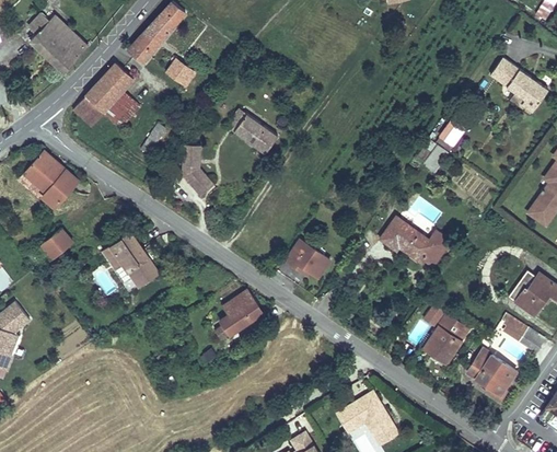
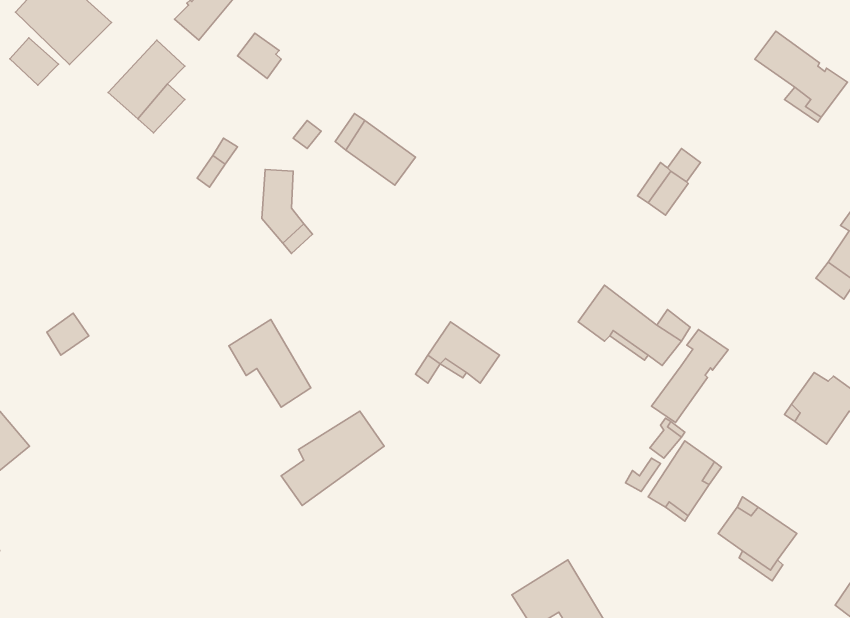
building: [73,95,104,125] -> [10,38,59,85]
building: [28,157,85,212] -> none
building: [108,234,160,289] -> [229,320,311,407]
building: none -> [652,330,728,422]
building: [503,317,545,351] -> none

